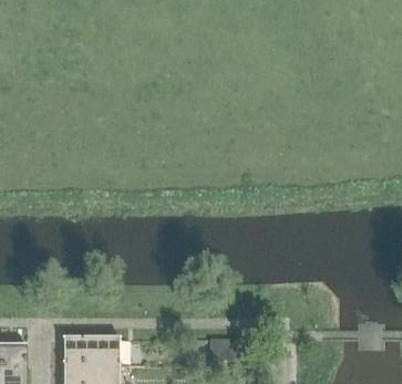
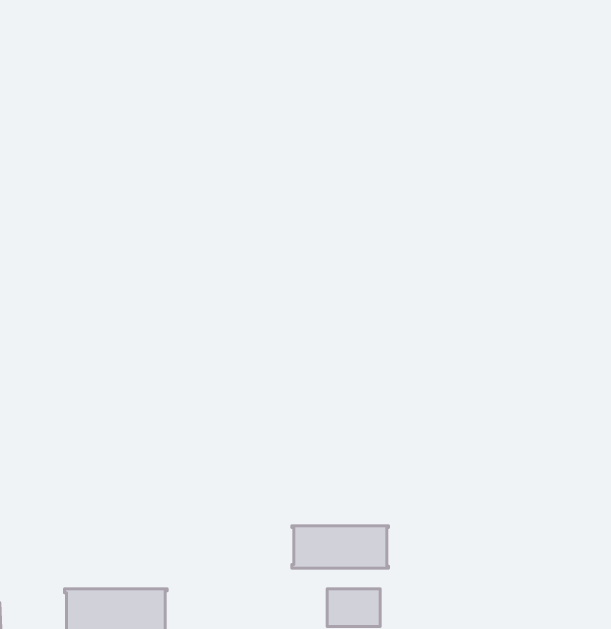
building: none -> [292,526,389,568]

